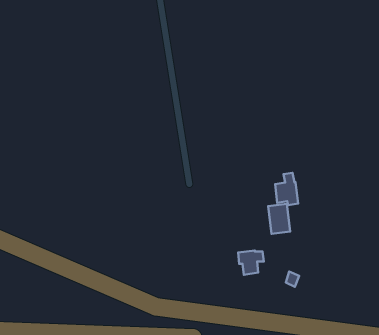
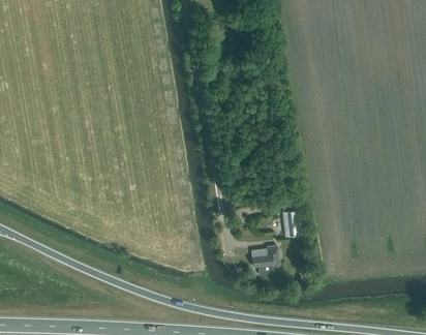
building: [275,173,298,205] -> none

